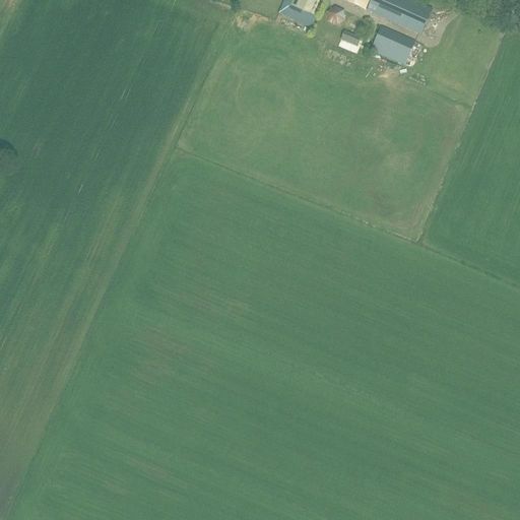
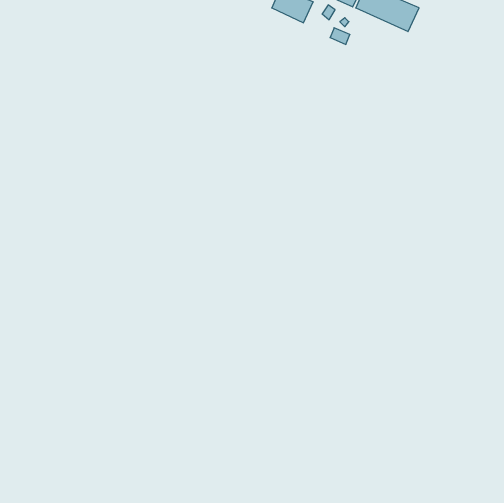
building: [370,25,413,64] -> none

